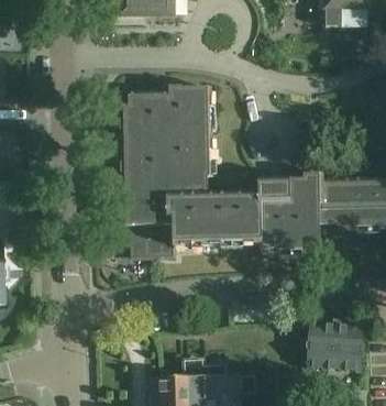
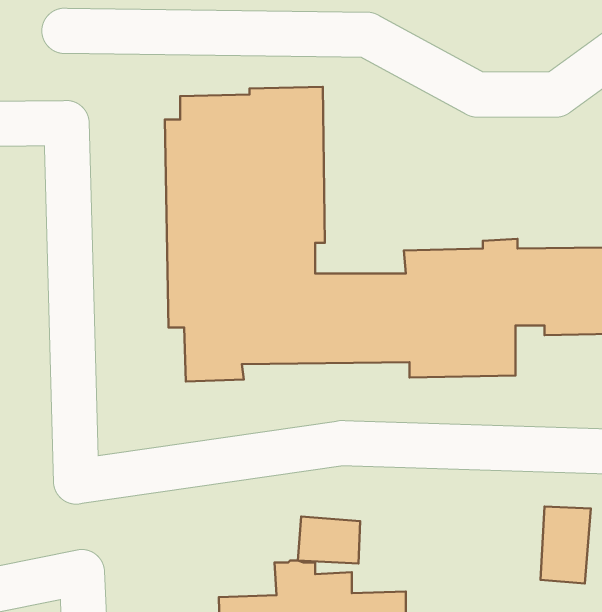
building: [306,325,334,369] -> none
building: none -> [298,517,360,563]

